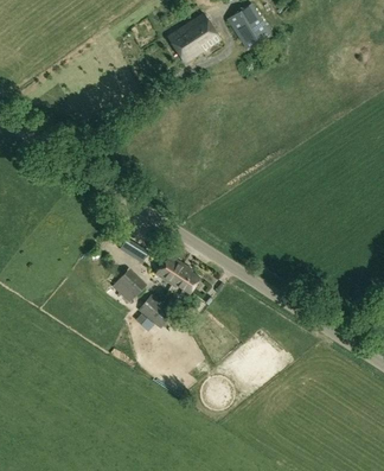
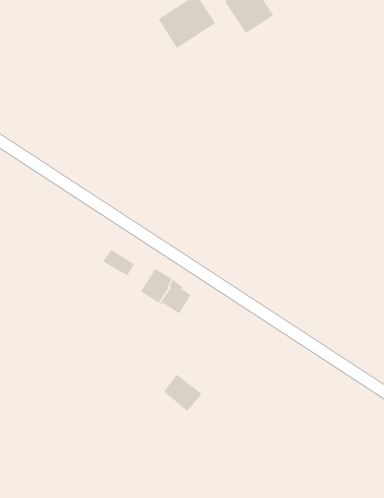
building: [113,269,145,301] -> none
building: [137,294,172,327] -> [163,374,202,412]

